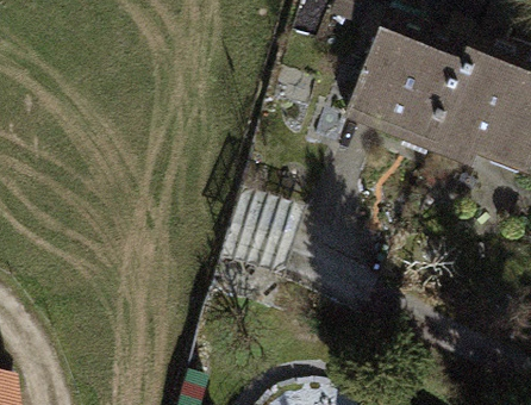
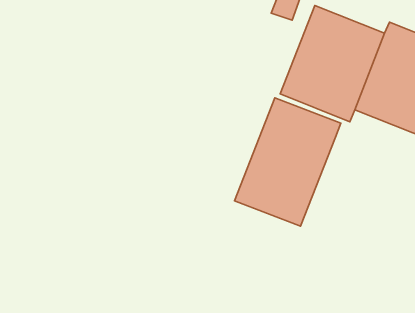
building: none -> [234,98,341,226]

